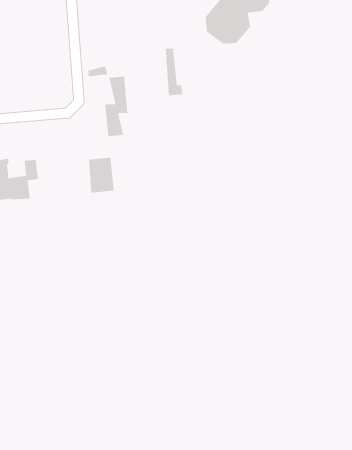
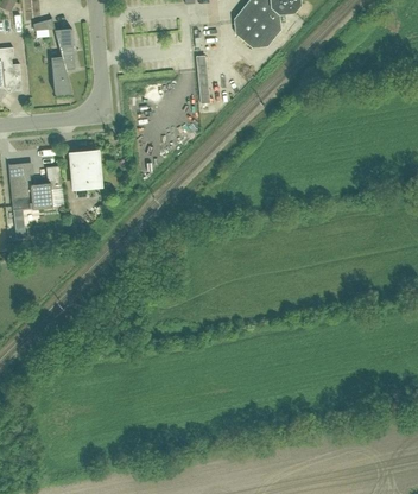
building: [87,65,128,139] -> [33,18,76,95]
building: [88,157,115,193] -> [72,151,100,189]

